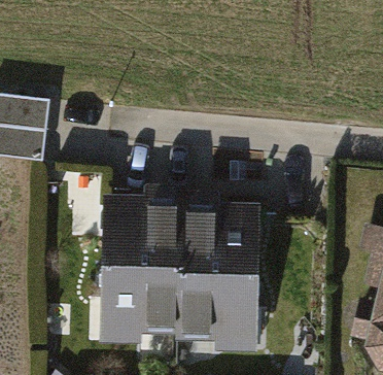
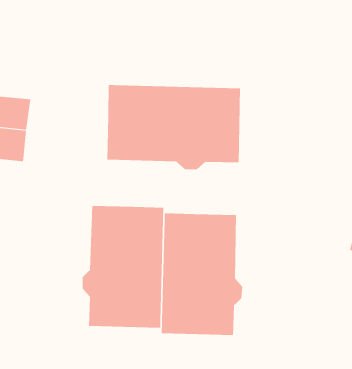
building: none -> [103,84,241,170]

